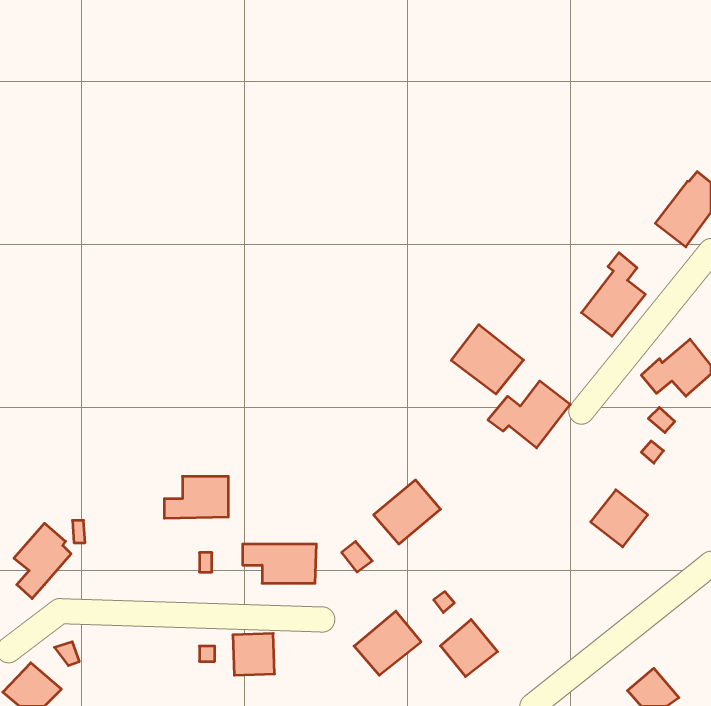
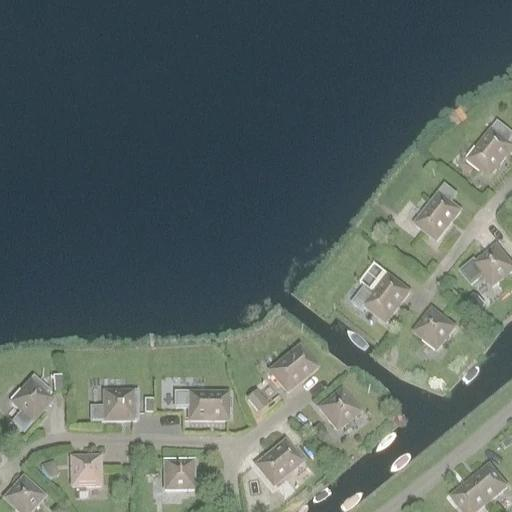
building: [451,325,524,394] -> none
building: [164,476,228,518] -> [90,389,136,419]
building: [591,490,648,547] -> [413,307,454,348]
building: [440,619,498,677] -> [318,387,359,428]
building: none -> [70,454,99,484]
building: none -> [469,463,506,500]

